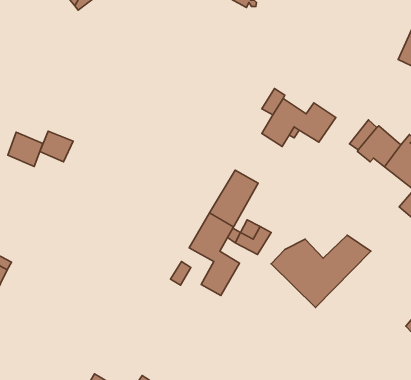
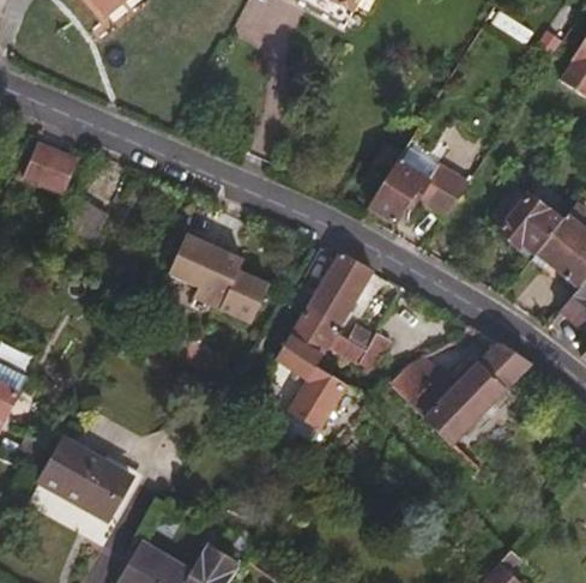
building: [8,132,43,166] -> [23,145,72,193]
building: none -> [164,236,265,324]
building: none -> [41,416,141,524]

